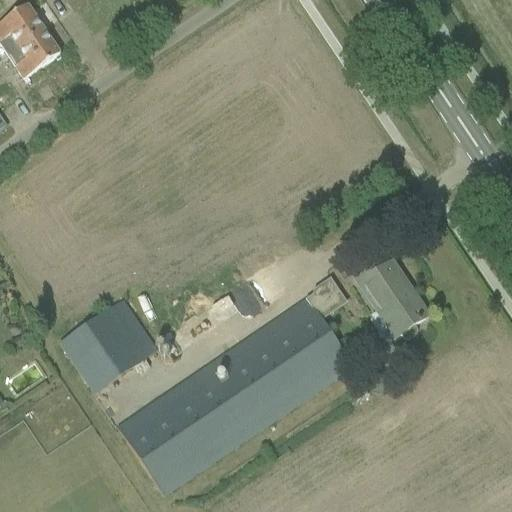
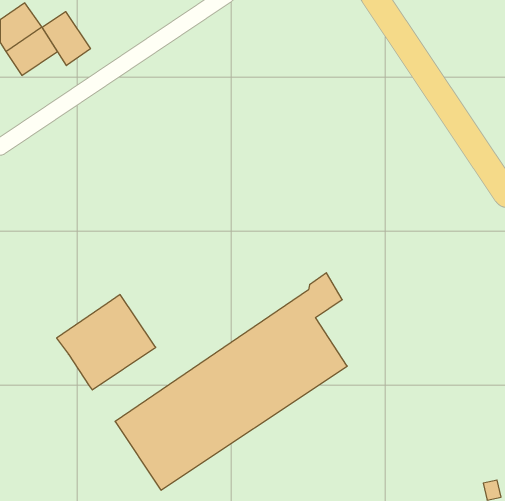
building: none -> [42,12,90,66]
building: [350,253,429,341] -> none

